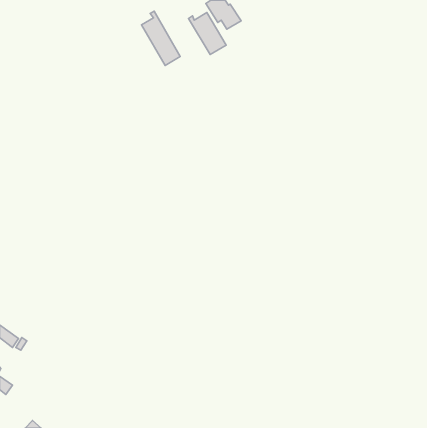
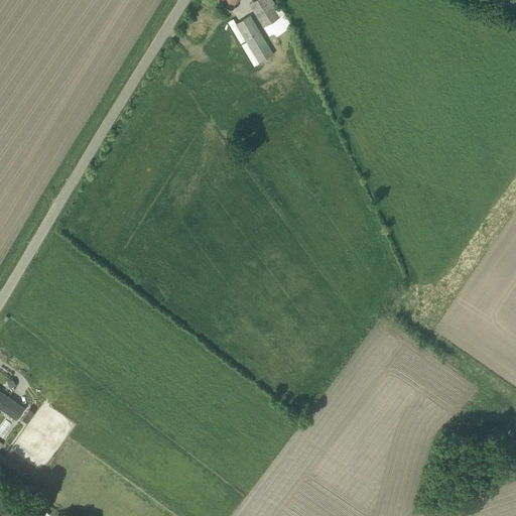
building: [141,11,180,65] -> none

